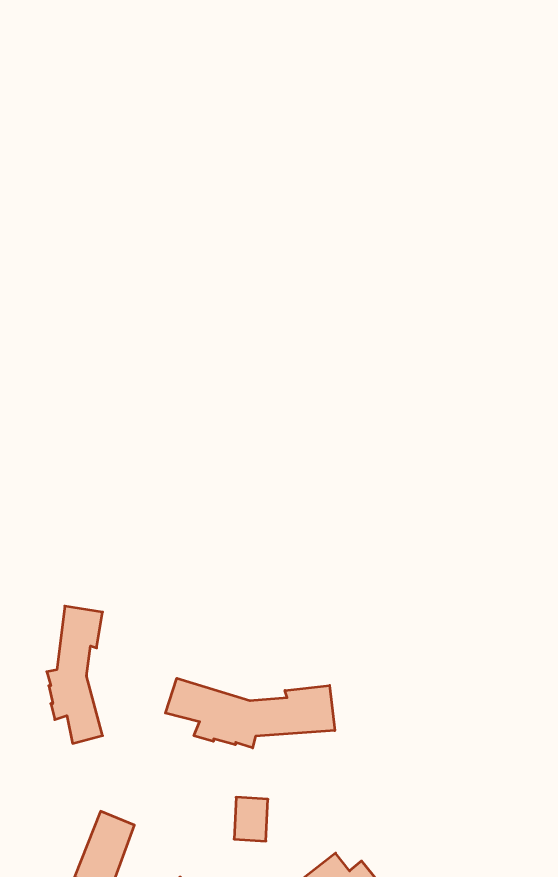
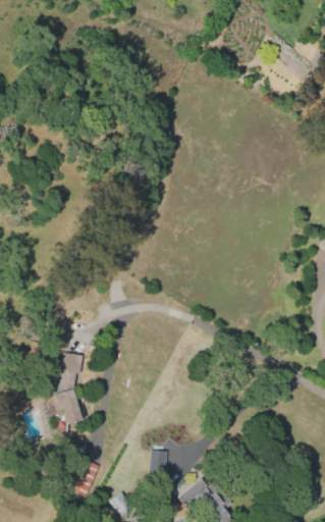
building: [165,678,335,748] -> none

